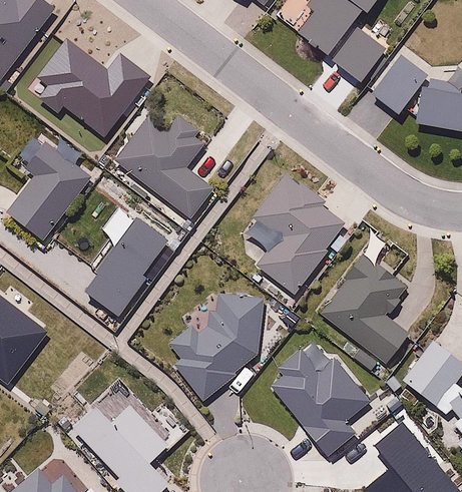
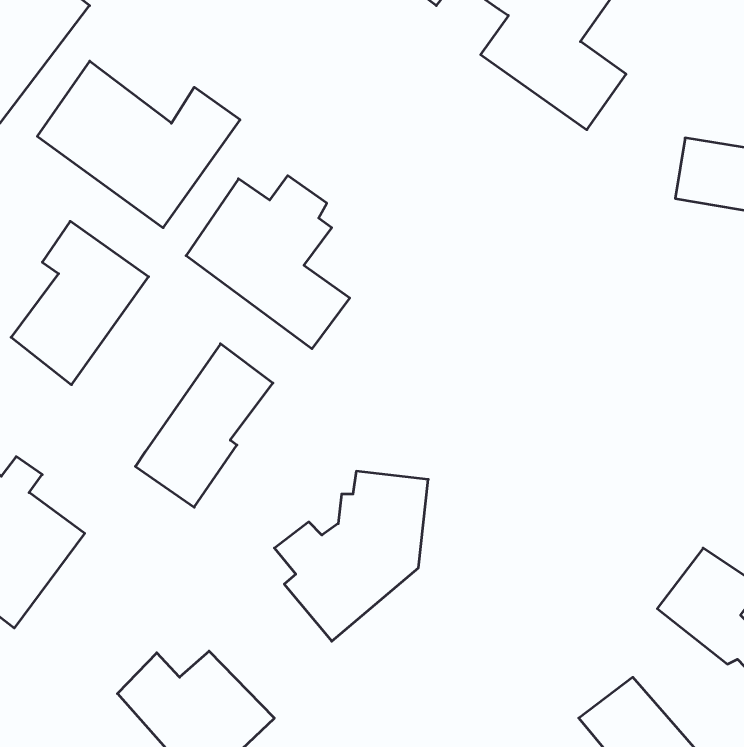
building: [370,55,428,115] -> none
building: [251,174,350,301] -> none
building: [318,251,412,370] -> none
building: [272,348,373,451] -> none

